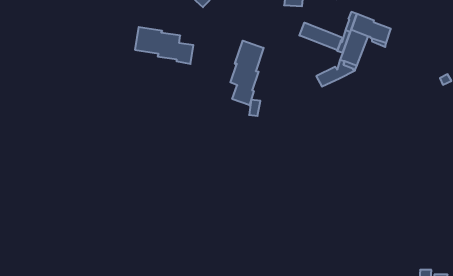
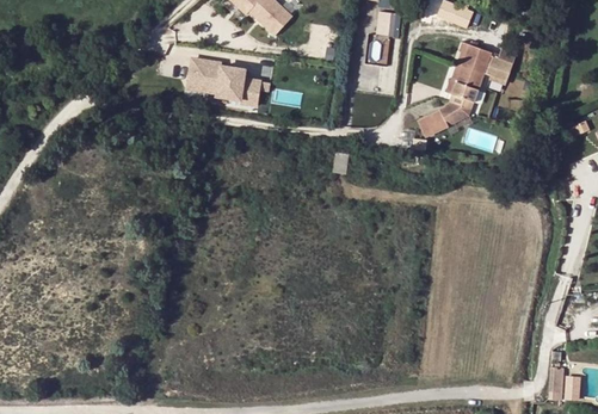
building: [299,23,343,50] -> none
building: [230,41,264,105] -> none

